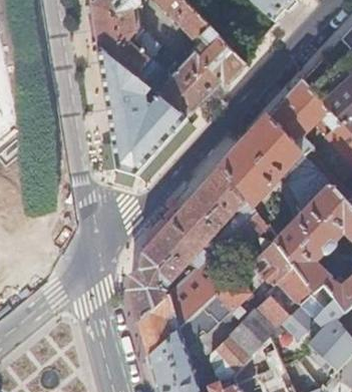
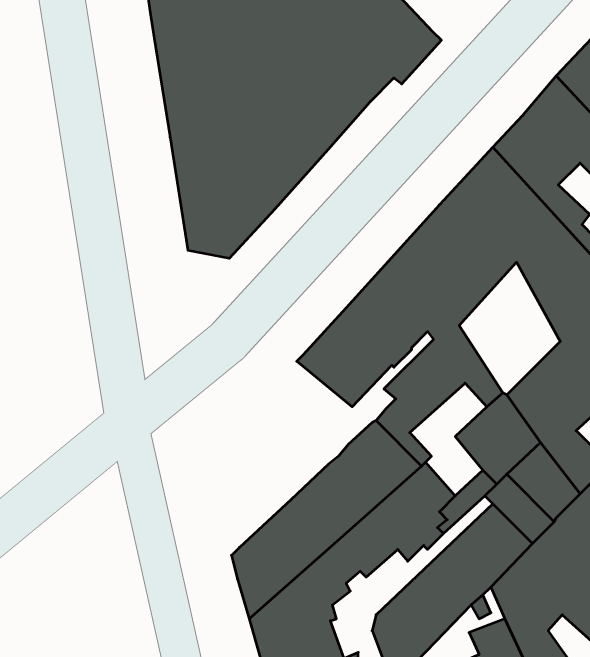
building: [127,223,209,321] -> none

